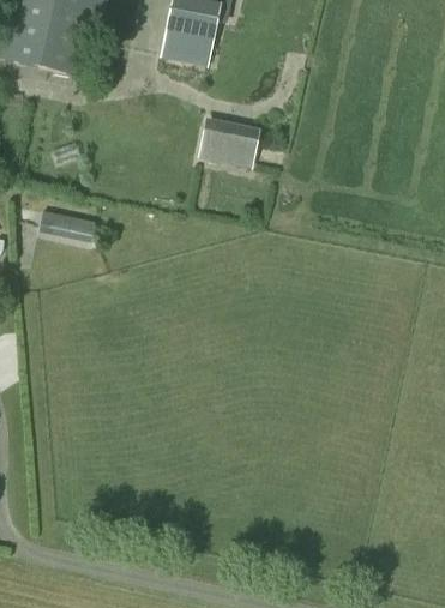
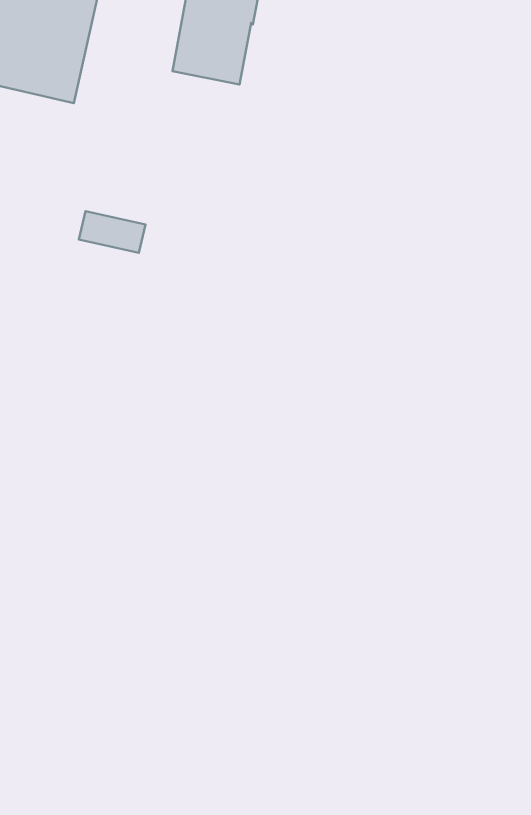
building: [196,116,258,168] -> none
building: [47,212,95,242] -> [79,211,146,253]

